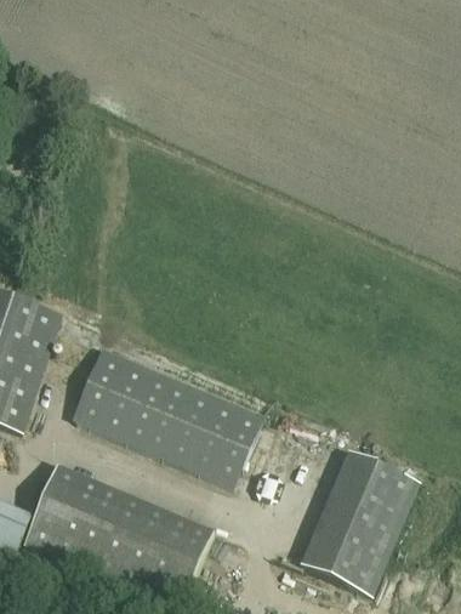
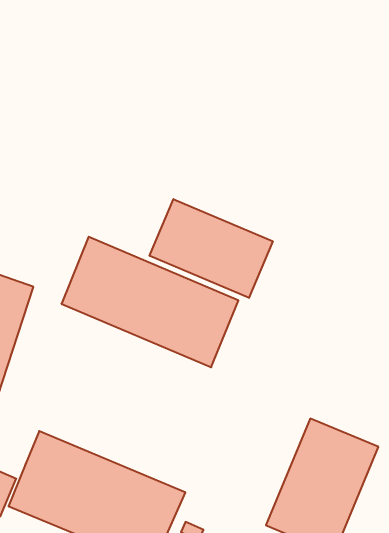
building: none -> [150,199,273,298]
building: [74,348,263,488] -> [61,237,238,367]

